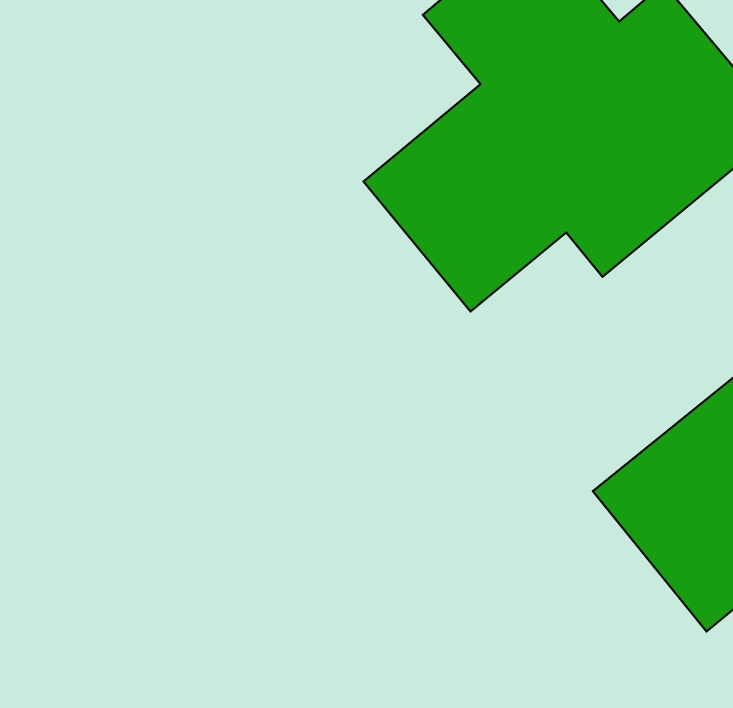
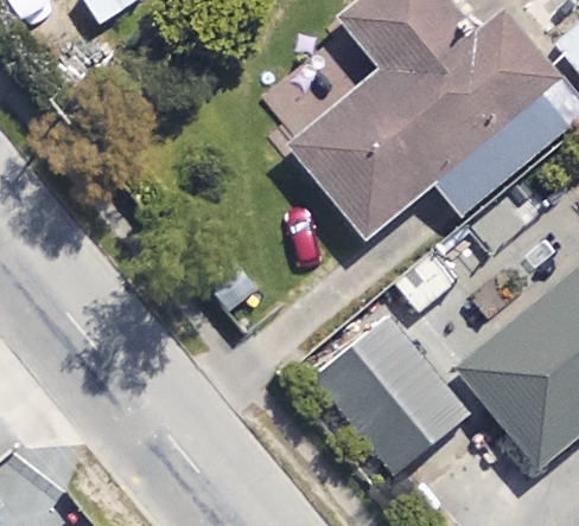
building: none -> [319,322,465,472]

